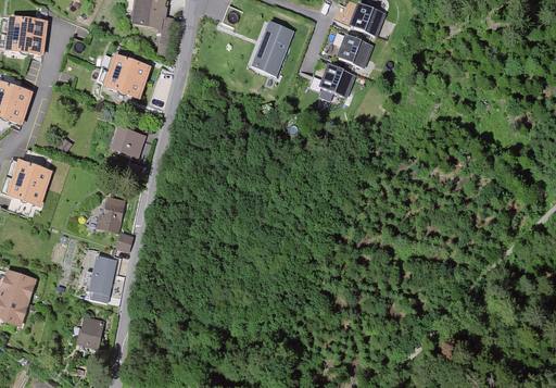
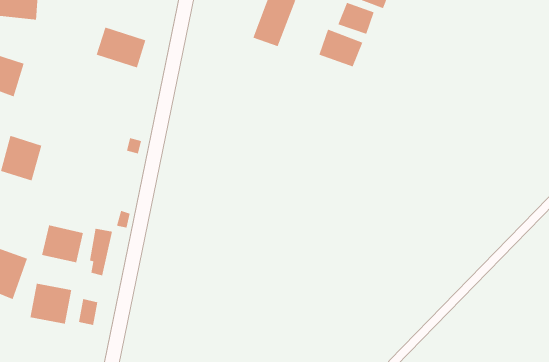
building: [114,129,143,158] -> none
building: [98,196,124,227] -> none
building: none -> [42,225,83,263]
building: none -> [30,283,72,324]

